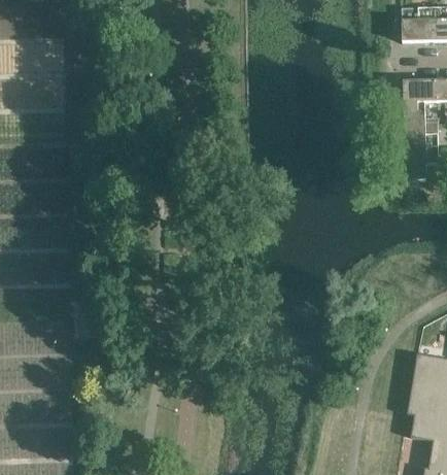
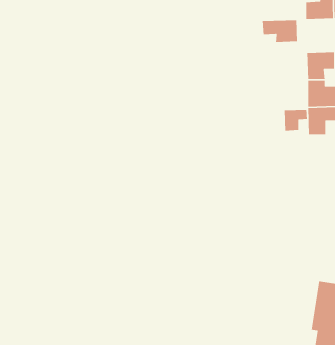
building: none -> [262,19,298,43]
building: none -> [284,109,308,131]

